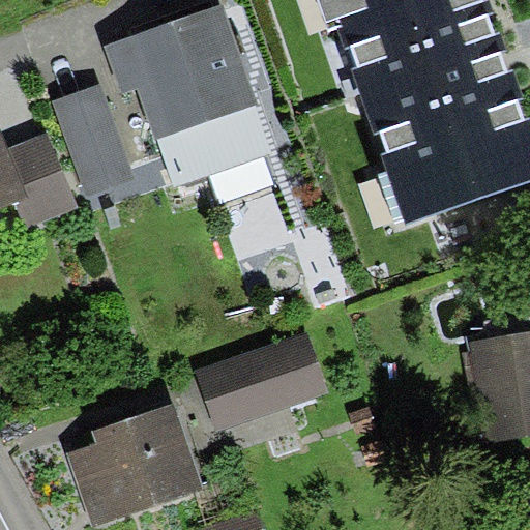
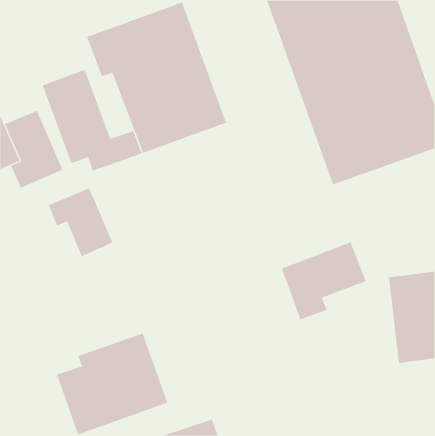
building: none -> [48,187,113,257]
building: none -> [281,242,367,320]
building: [196,328,328,455] -> none

